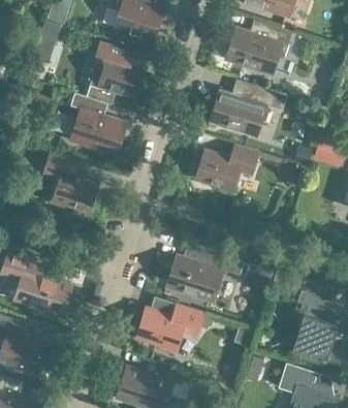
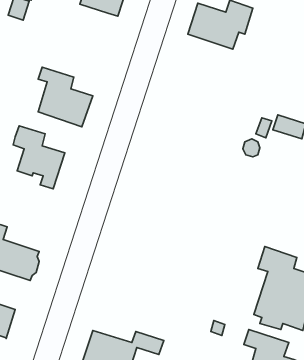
building: [93,42,144,97] -> none
building: [210,85,276,134] -> none
building: [195,144,258,191] -> none
building: [166,253,244,302] -> none
building: [136,304,203,353] -> none

